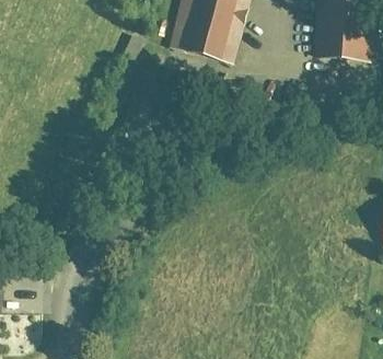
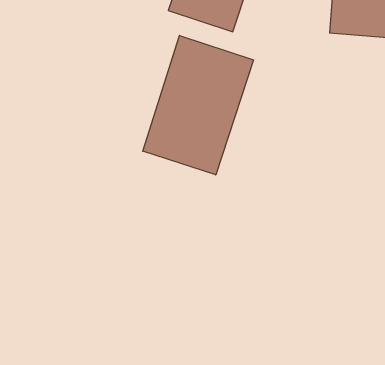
building: none -> [143,35,254,175]

